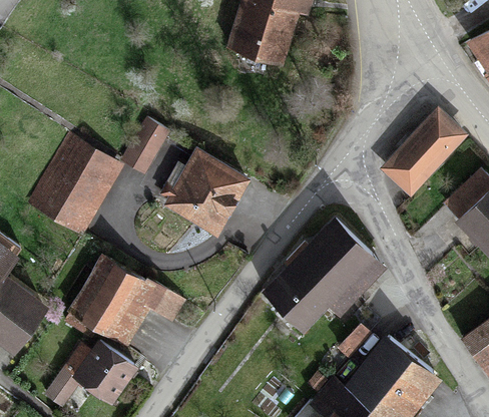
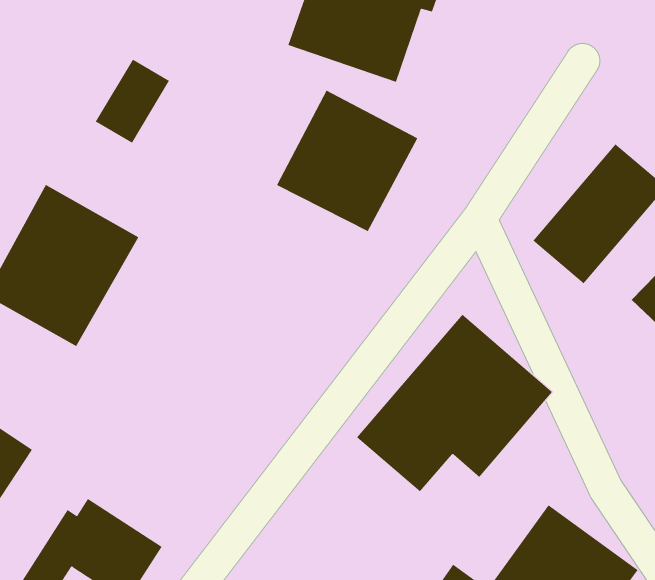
building: [119,115,167,169] -> [95,59,170,143]
building: [163,145,255,237] -> [276,90,418,232]
building: [70,255,168,344] -> none

